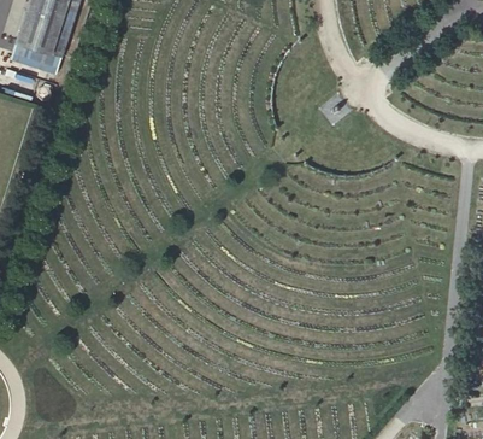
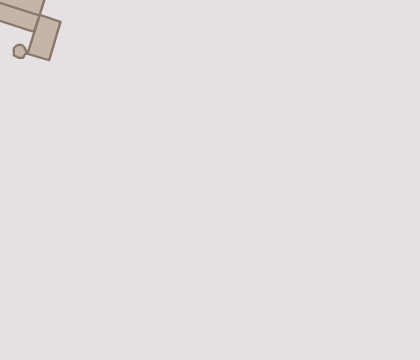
building: none -> [27,15,61,60]

